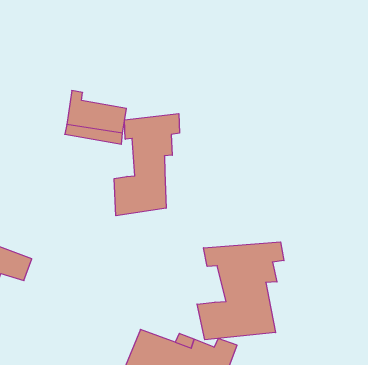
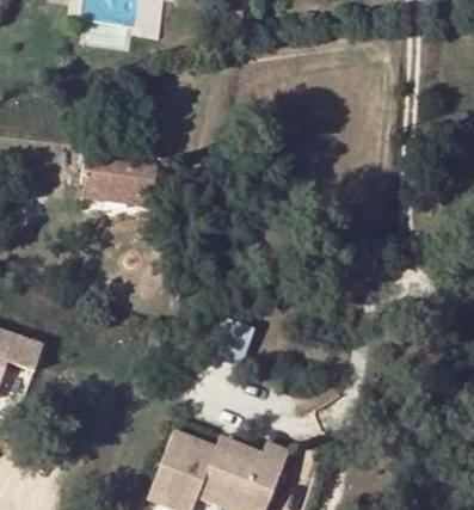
building: [114,114,179,216] -> none
building: [197,242,284,340] -> none

